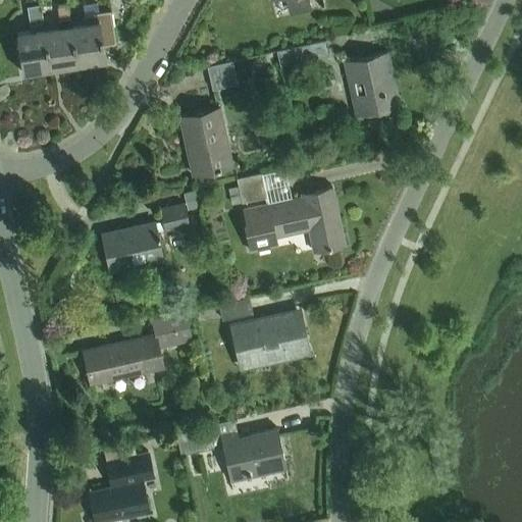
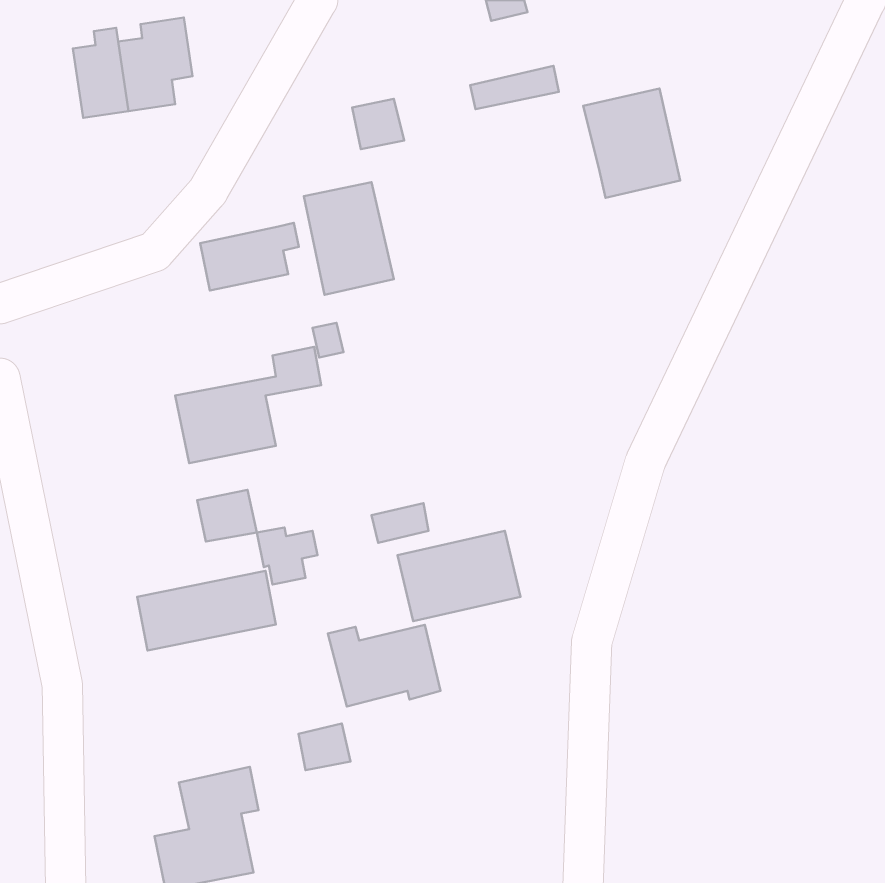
building: [15,7,50,75] -> none
building: none -> [200,223,299,291]
building: [237,174,266,204] -> none
building: [244,192,343,254] -> none
building: none -> [197,490,257,542]
building: [218,432,284,480] -> [328,625,441,706]

